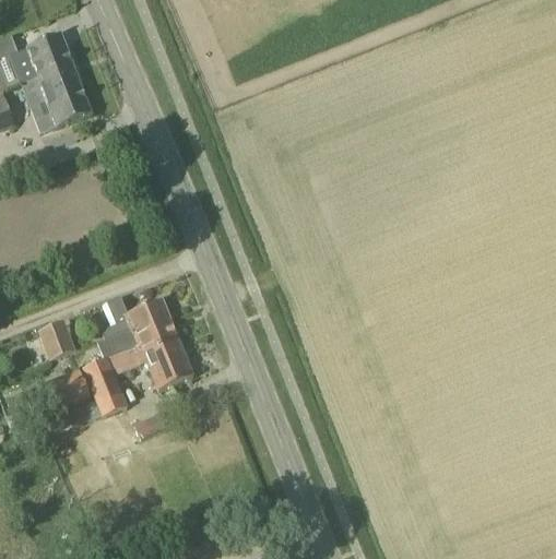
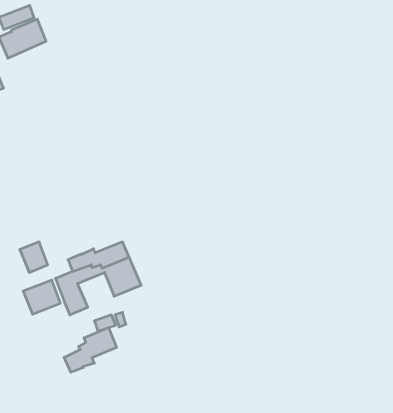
building: [22,62,91,128] -> none
building: [99,296,169,341] -> none
building: none -> [64,328,116,372]

